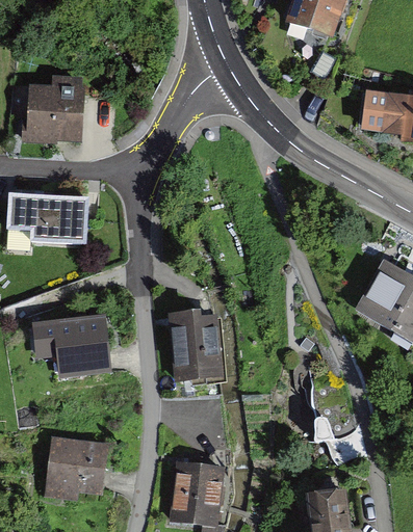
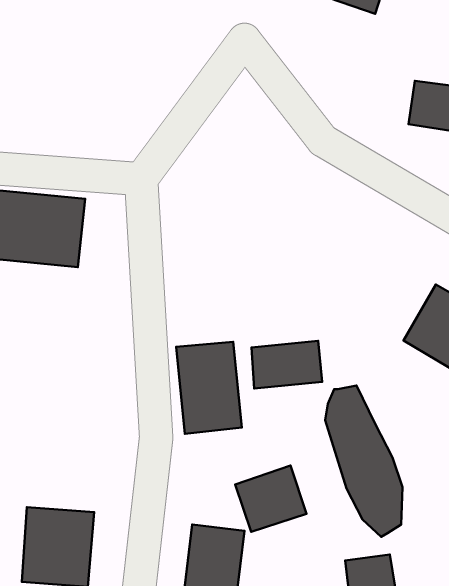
building: [27,78,87,145] -> none
building: none -> [251,341,322,389]
building: [30,320,108,378] -> none
building: none -> [235,465,307,532]

